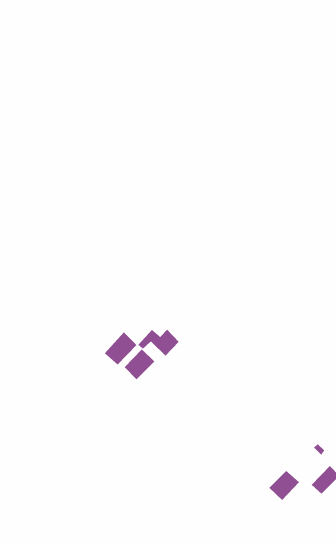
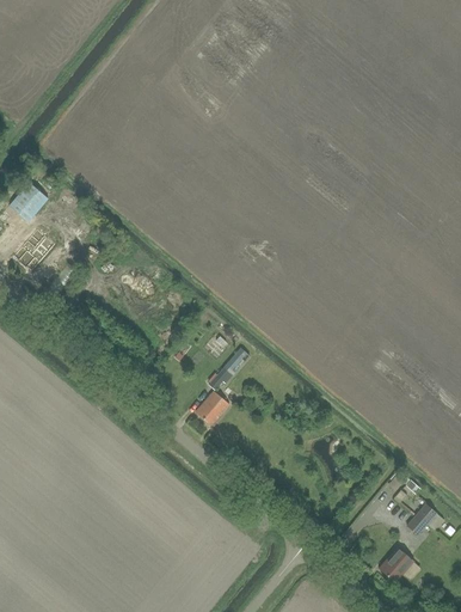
building: [104,332,137,365] -> none
building: [269,470,300,501] -> [379,547,412,581]

